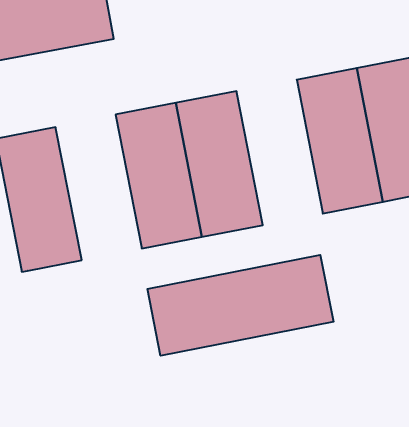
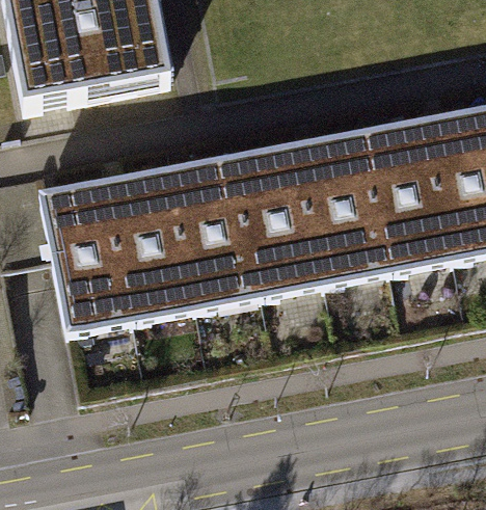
building: none -> [300,129,393,285]
building: none -> [106,166,198,322]
building: [147,255,334,356] -> none

